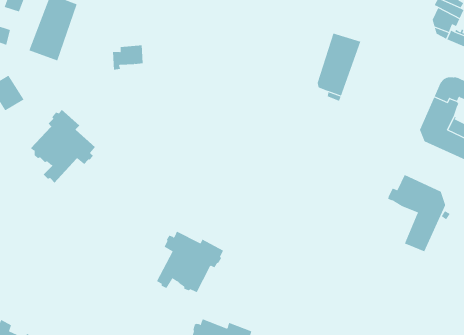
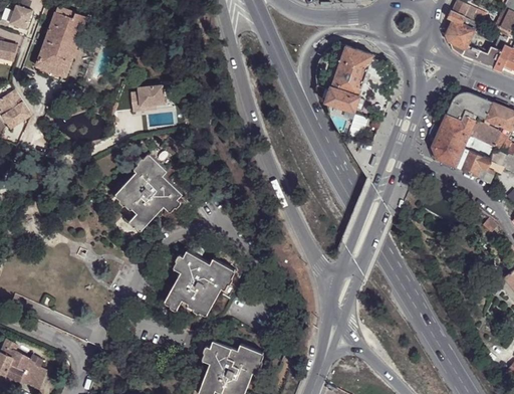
building: [112,45,143,70] -> [131,88,163,115]
building: [30,109,96,183] -> [115,154,183,230]
building: [388,174,446,252] -> none

